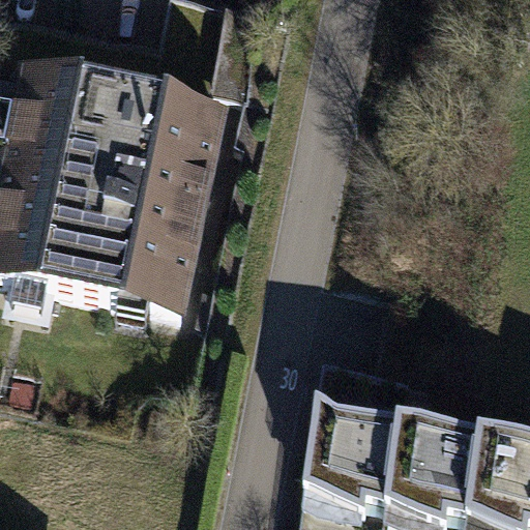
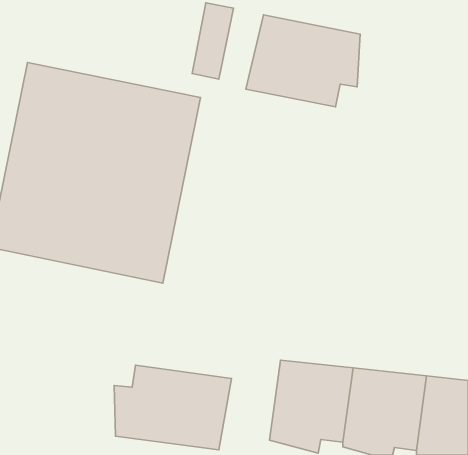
building: none -> [246,15,360,107]
building: none -> [114,365,232,450]

